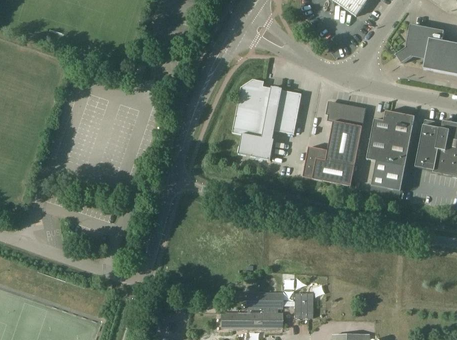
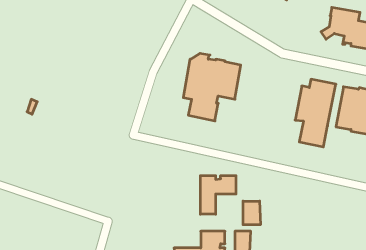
building: [303,97,366,185] -> none
building: none -> [200,176,236,214]
building: none -> [243,201,260,225]

